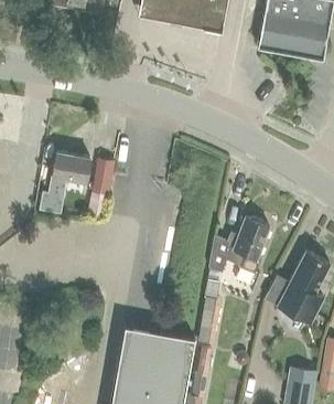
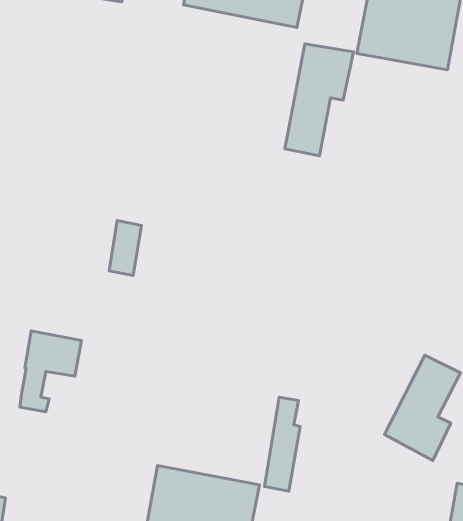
building: none -> [285,44,353,156]
building: [47,152,89,208] -> [20,331,81,412]
building: [207,219,269,275] -> none

